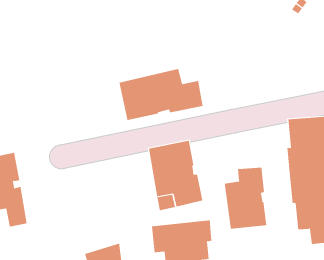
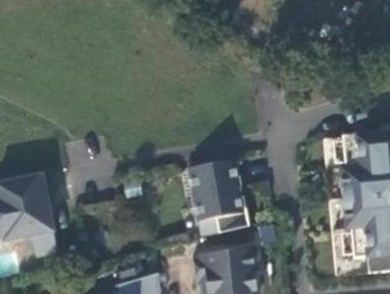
building: [119,68,203,121] -> none
building: [224,167,267,230] -> none

